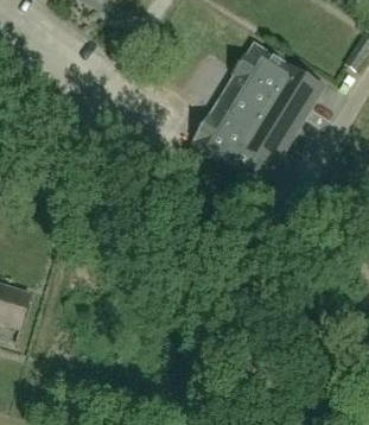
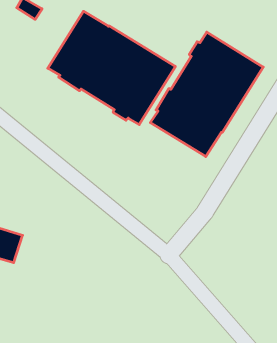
building: none -> [48,11,175,125]

